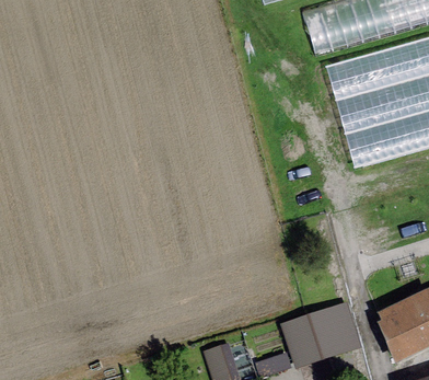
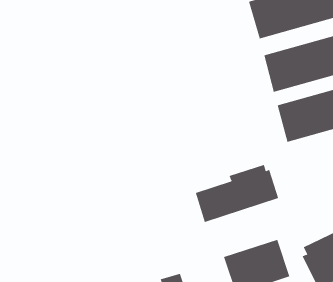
building: none -> [195,164,279,223]

